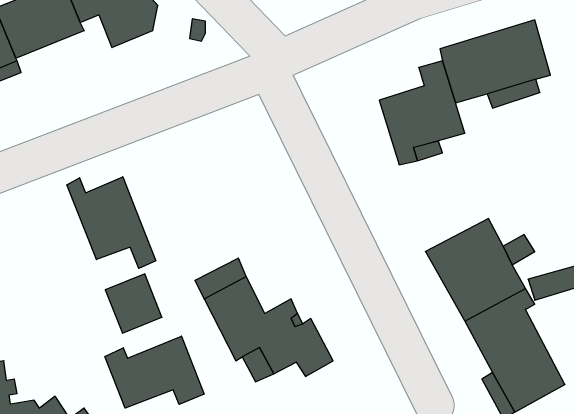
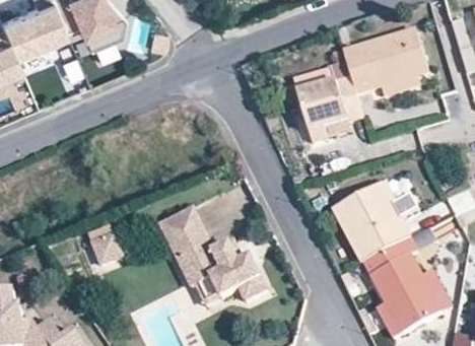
building: [67,177,156,268] -> none
building: [105,336,204,408] -> none

